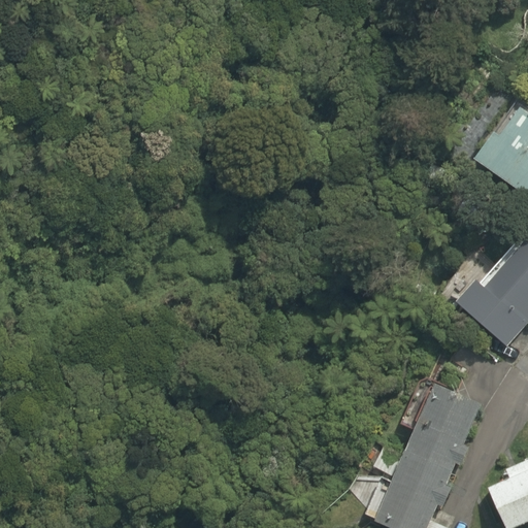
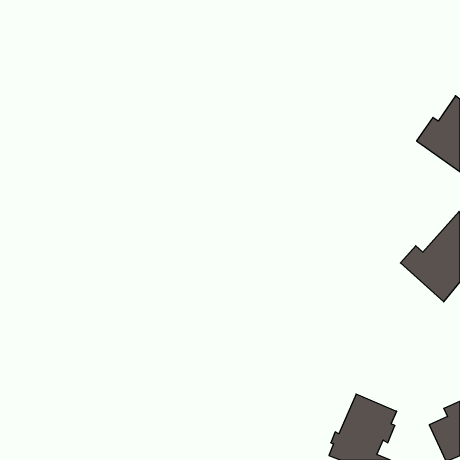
building: [406,384,481,469] -> none

